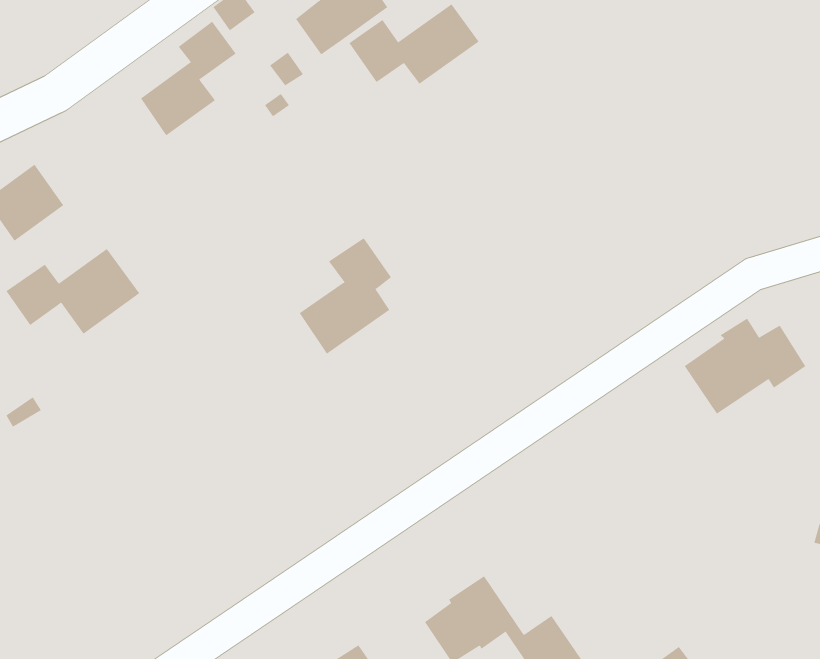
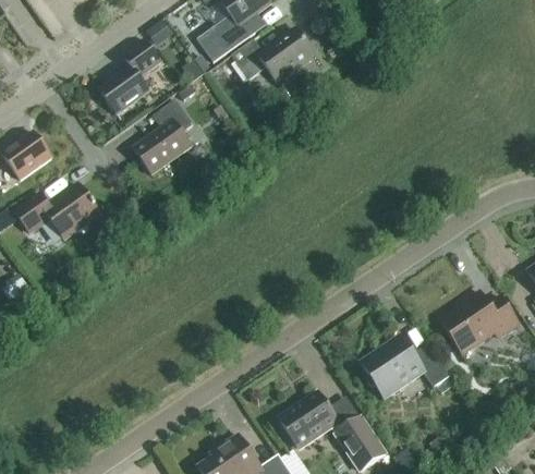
building: [299,237,392,355] -> [134,100,193,174]
building: [684,318,806,414] -> [441,292,519,353]
building: none -> [361,336,450,388]

